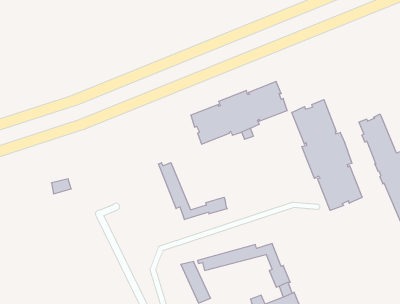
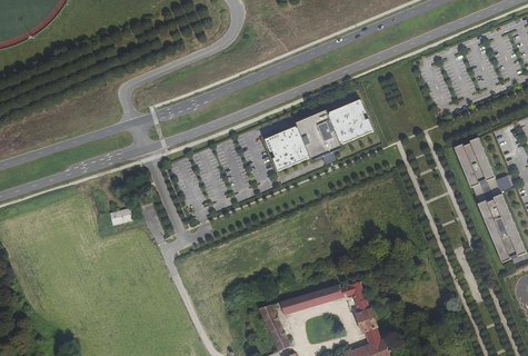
building: [292,100,362,210] -> none
building: [158,163,227,220] -> none

